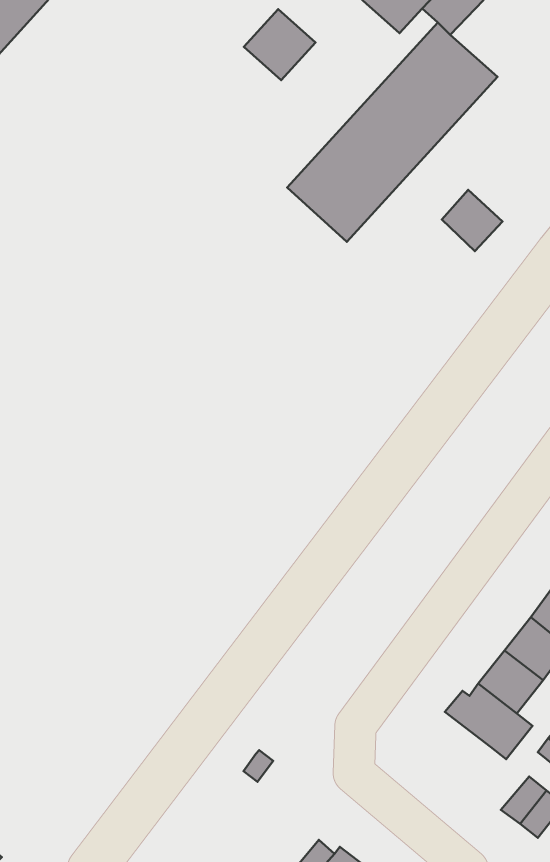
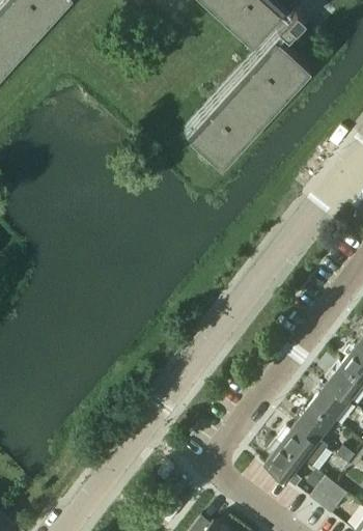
building: [244,9,316,80] -> none
building: [442,190,503,251] -> none
building: none -> [266,440,304,486]

